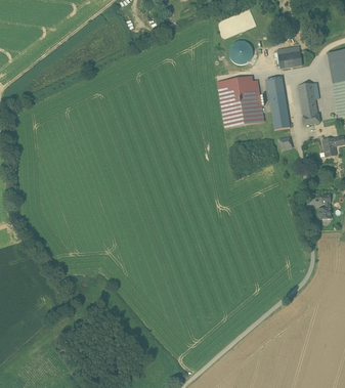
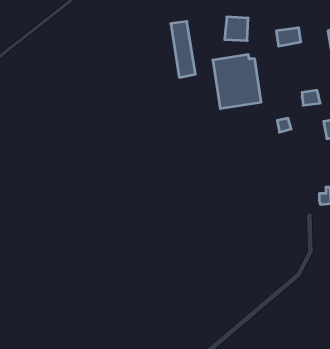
building: [265,76,289,129] -> [171,21,195,77]
building: [297,82,318,112] -> none

